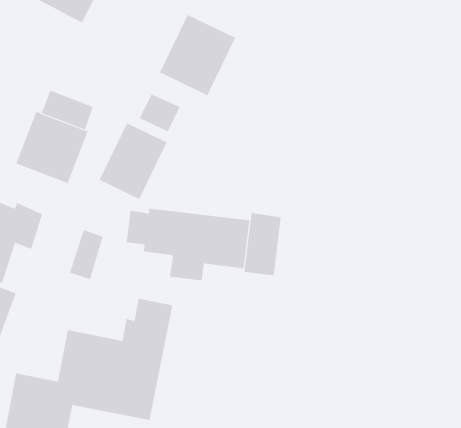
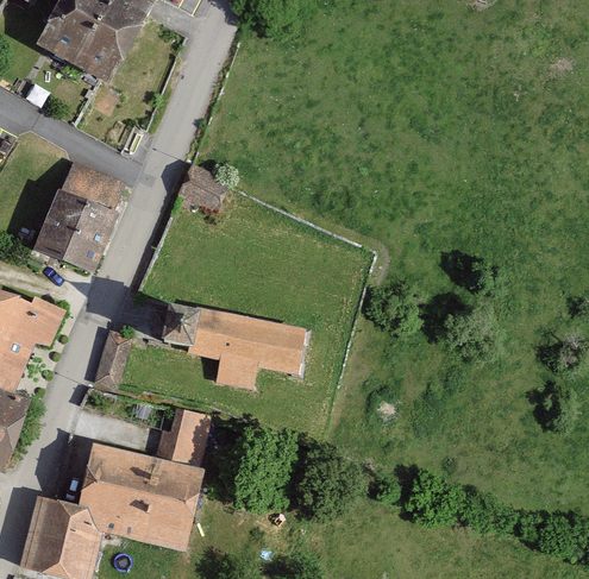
building: [159,14,236,96] -> none
building: [99,122,167,200] -> none
building: [244,212,281,276] -> none

